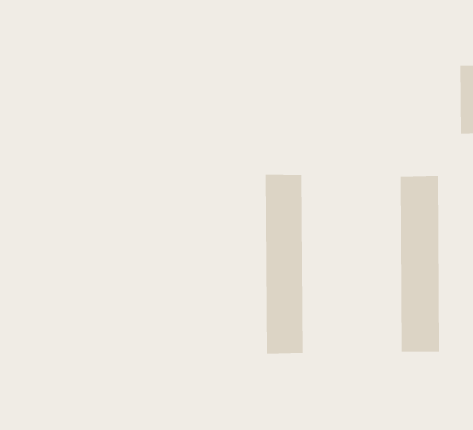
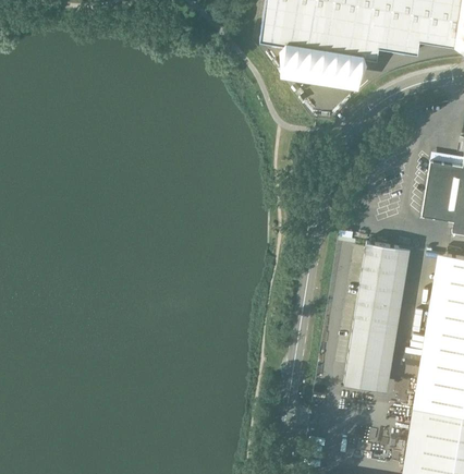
building: [265,174,303,354] -> none

